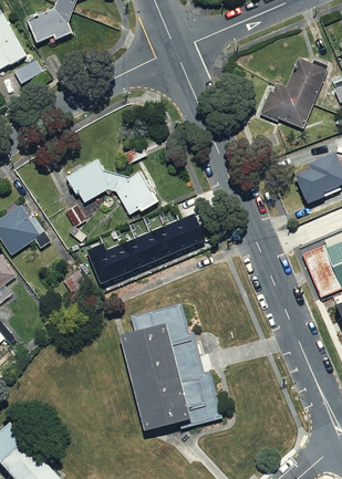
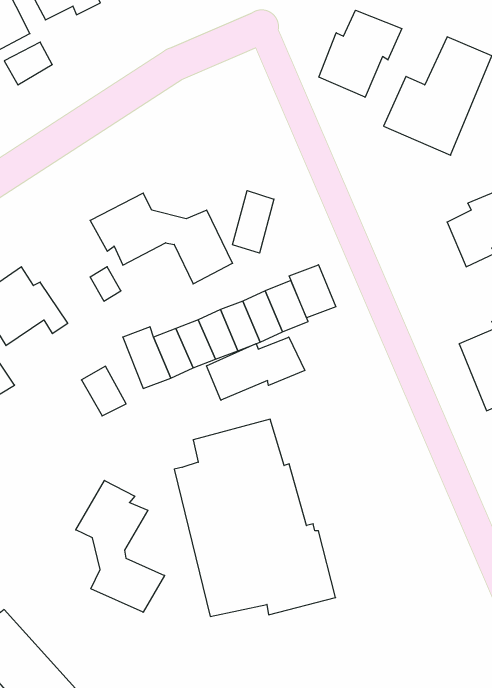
building: none -> [319,10,402,97]
building: none -> [232,191,274,253]
building: none -> [289,265,336,318]
building: none -> [207,337,305,400]
building: none -> [76,480,165,612]

